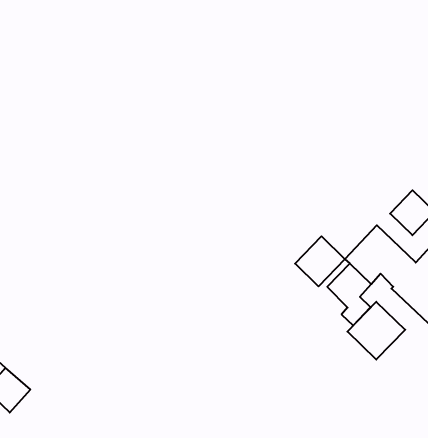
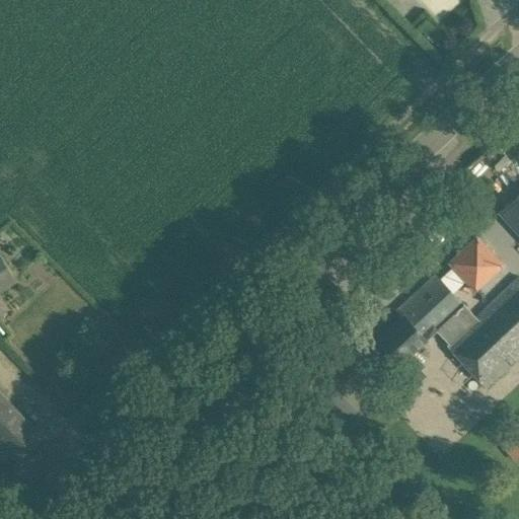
building: [295,236,345,286] -> none
building: [347,302,405,360] -> none

